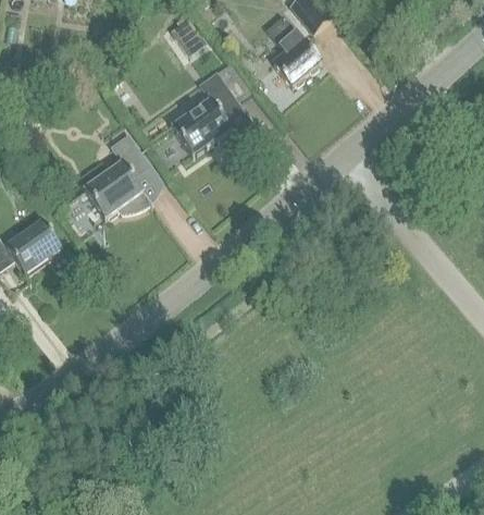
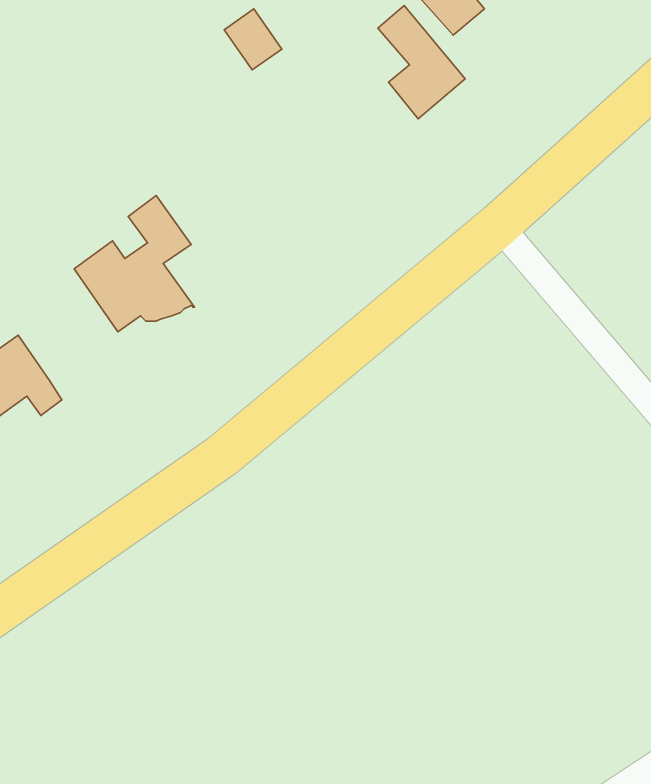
building: [172,61,251,156] -> none

